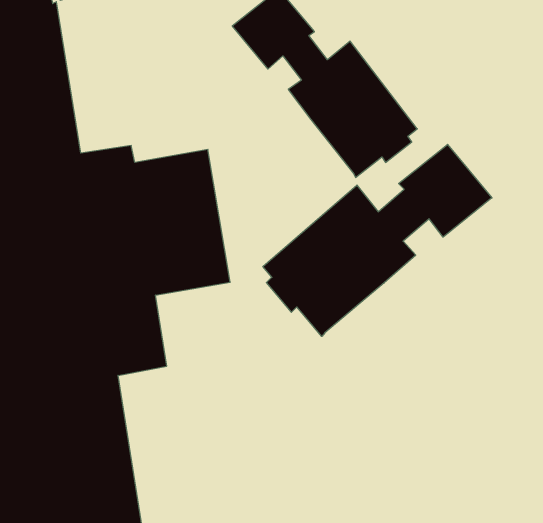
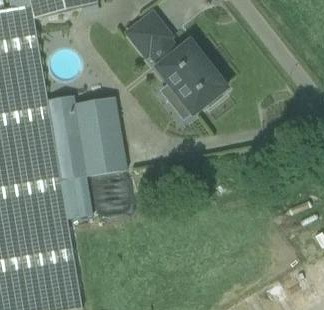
building: [263,144,492,336] -> none

